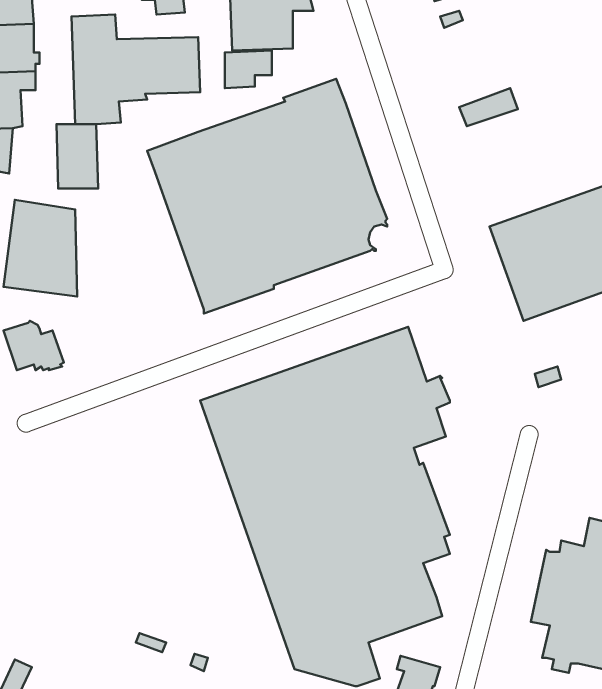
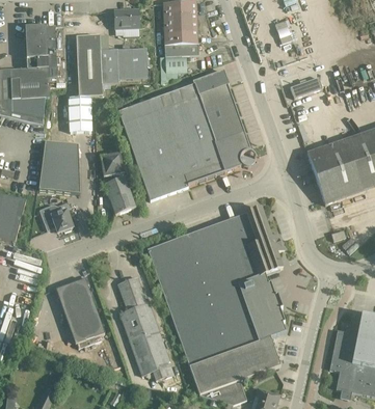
building: none -> [100,152,136,213]
building: none -> [118,276,173,380]
building: none -> [56,277,105,347]

